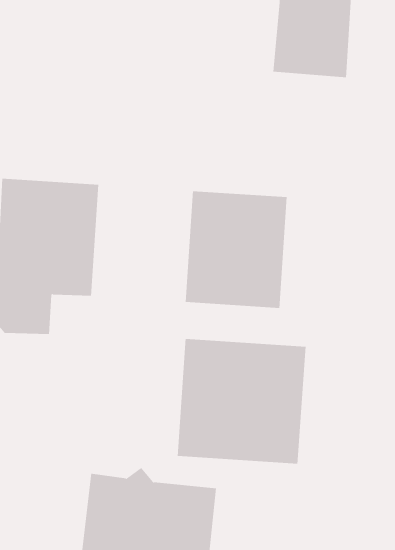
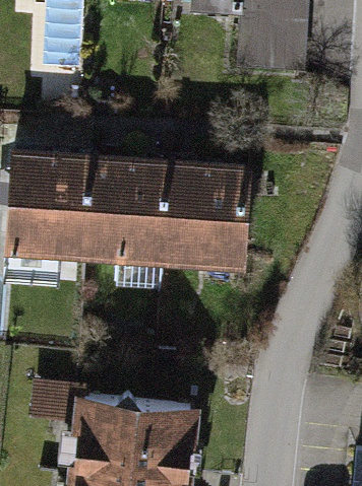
building: none -> [86,160,169,257]
building: [177,338,306,465] -> none

